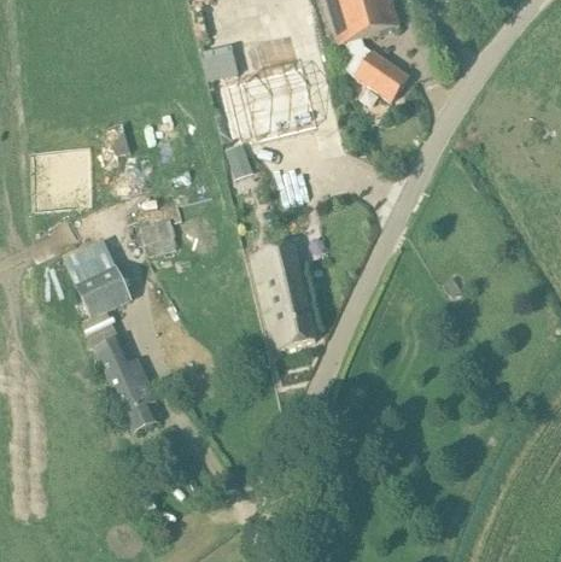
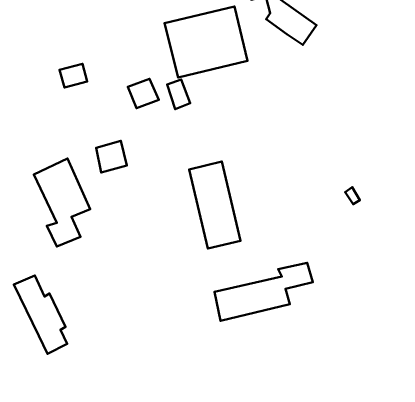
building: none -> [128,79,159,108]
building: [92,336,157,432] -> [14,276,67,354]
building: none -> [214,263,313,321]

